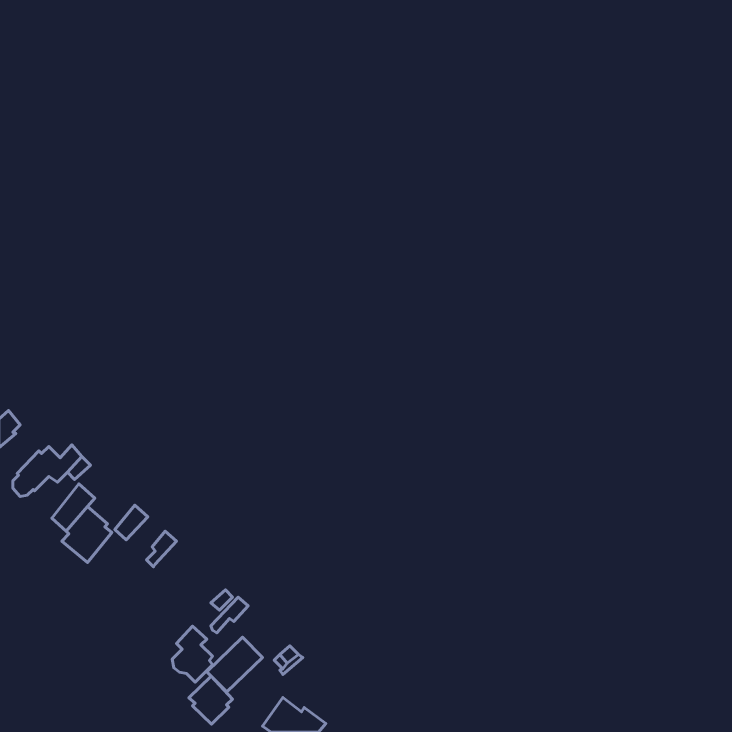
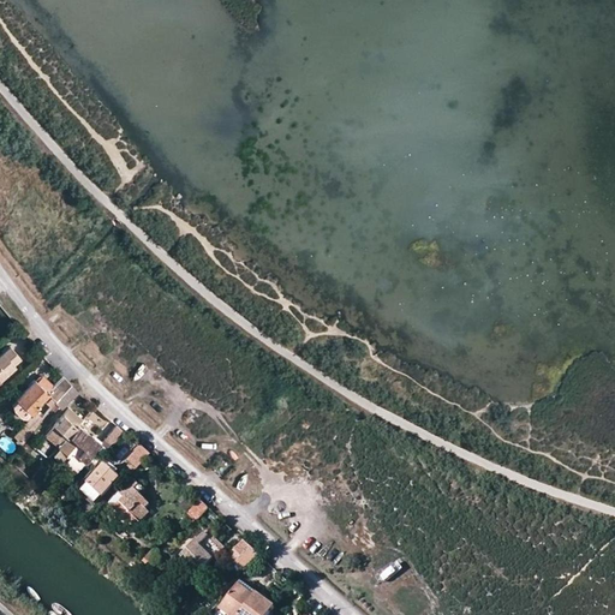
building: none -> [84,465,118,498]
building: [172,626,212,682] -> [114,478,148,525]
building: [189,676,233,724] -> none

